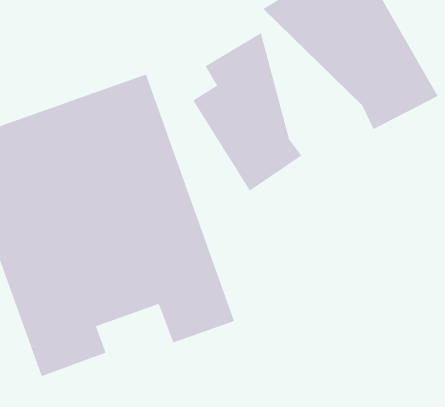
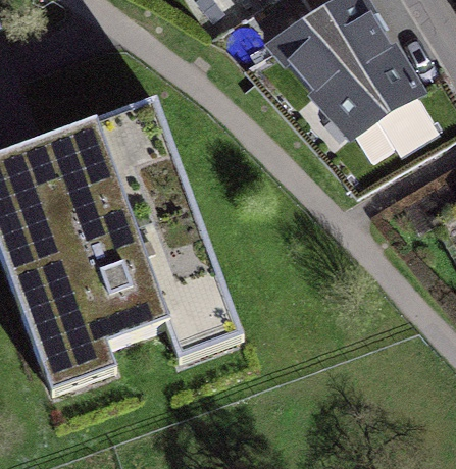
building: [193,32,302,191] -> none

